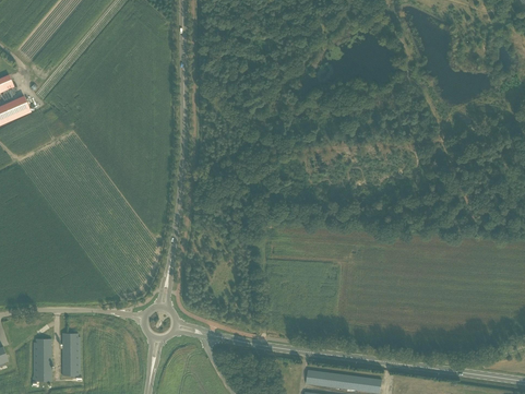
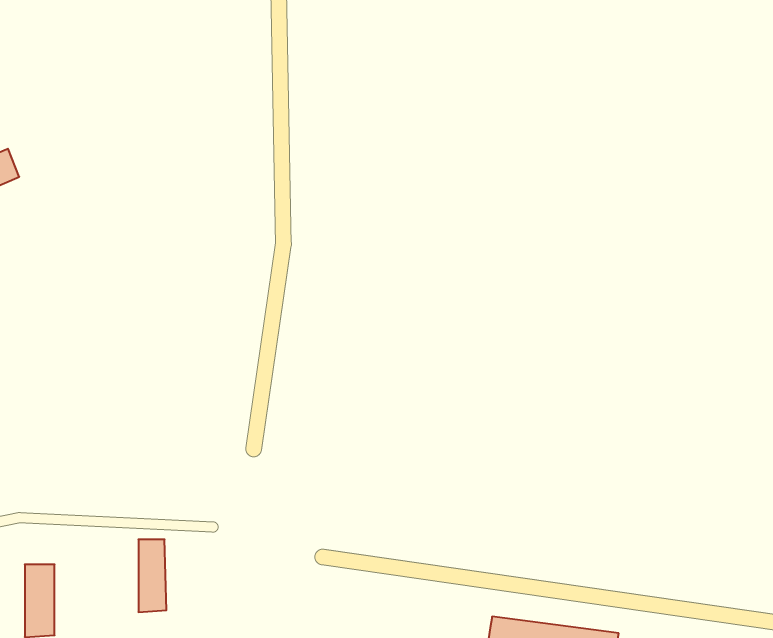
building: [62,334,79,377] -> [138,539,166,612]

